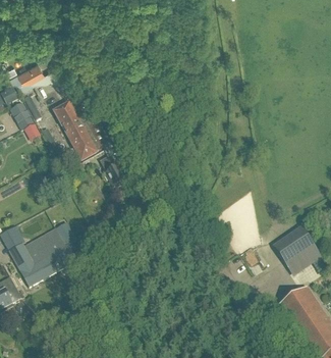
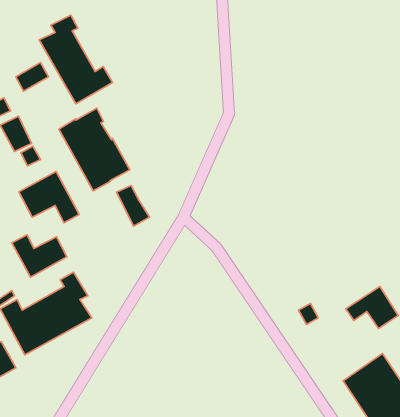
building: none -> [39,15,113,104]
building: none -> [19,171,79,223]
building: none -> [12,235,67,277]

